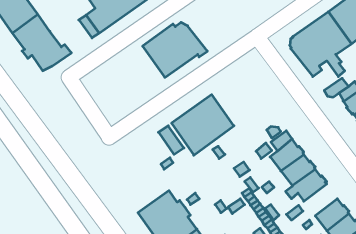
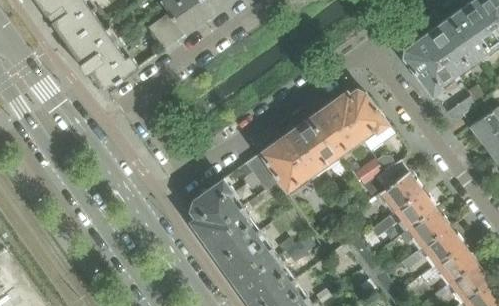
building: [143,22,207,77] -> [309,89,388,156]
building: none -> [190,180,257,262]
building: none -> [421,227,462,266]

